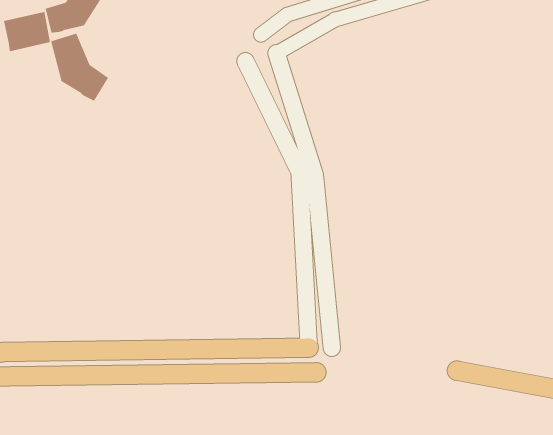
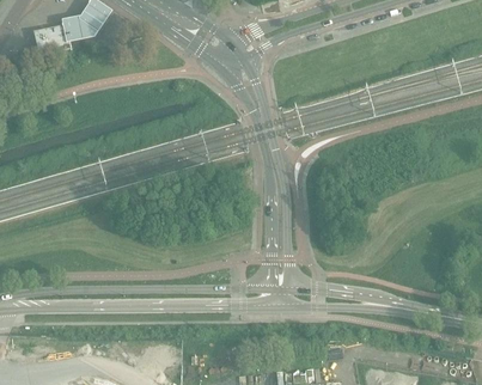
building: [51,33,109,101] -> none

